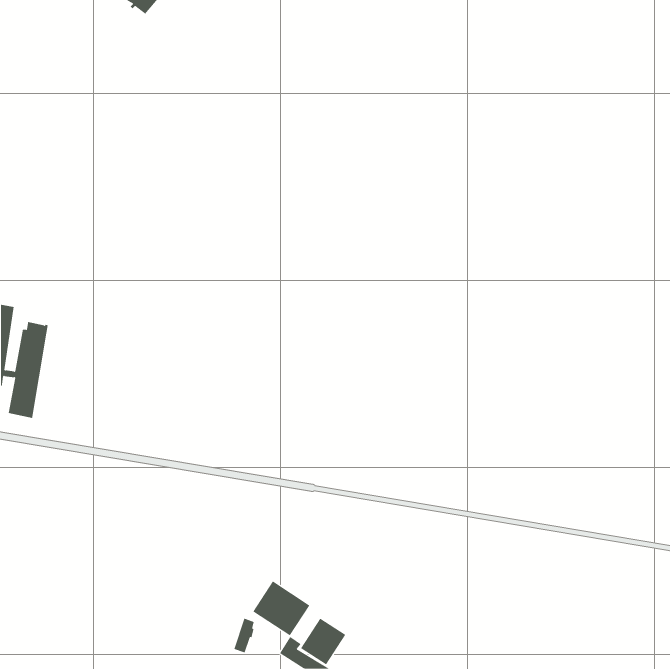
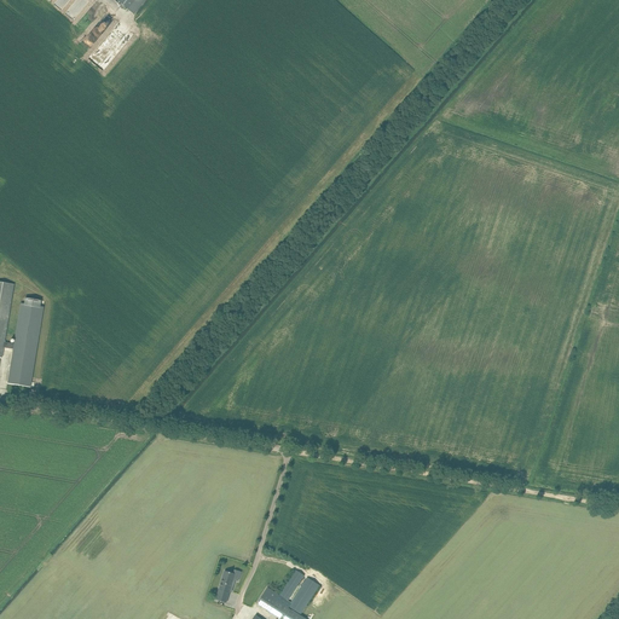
building: [252,581,310,636] -> none

